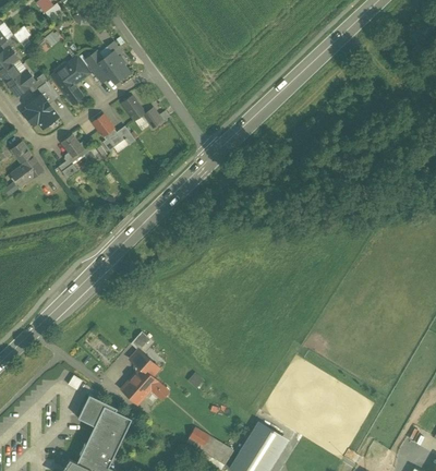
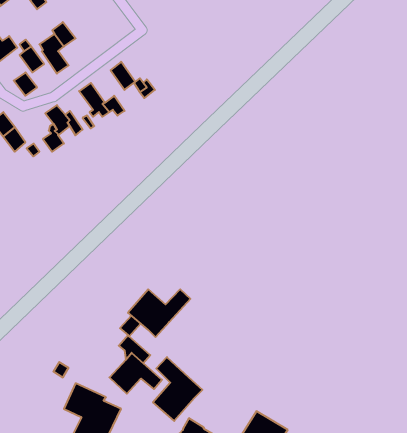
building: [86,52,129,82] -> none
building: none -> [128,289,190,337]
building: none -> [153,357,202,421]

